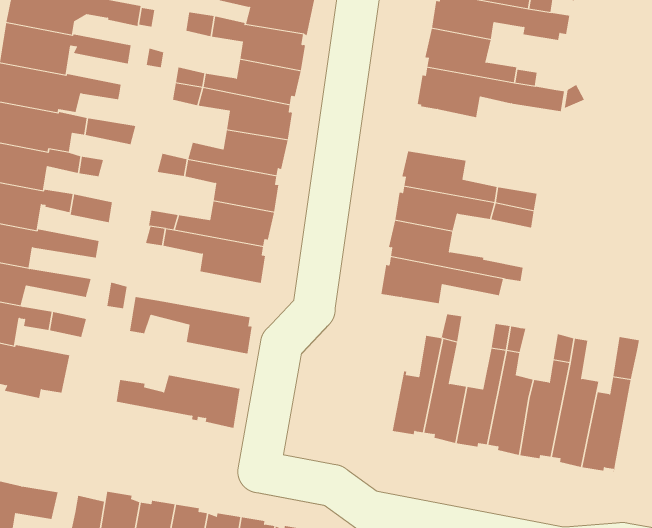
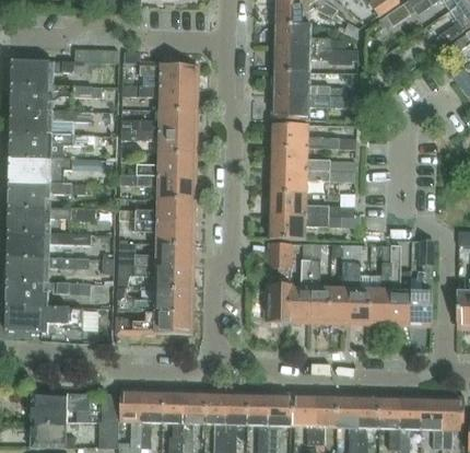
building: none -> [271,124,356,151]
building: none -> [118,244,195,267]
building: none -> [267,243,293,323]
building: none -> [118,288,193,312]

